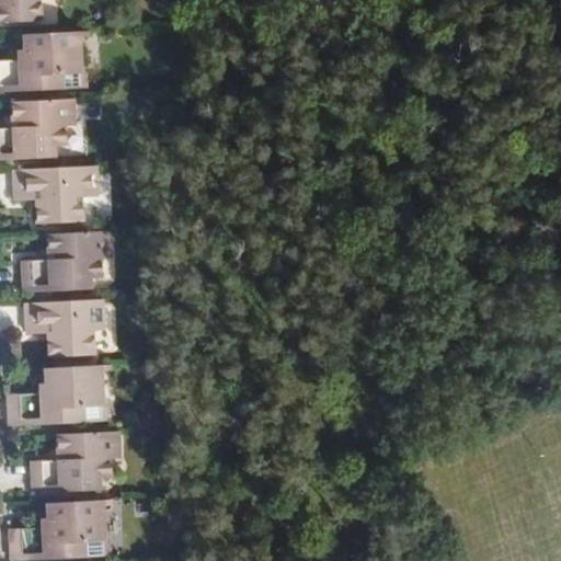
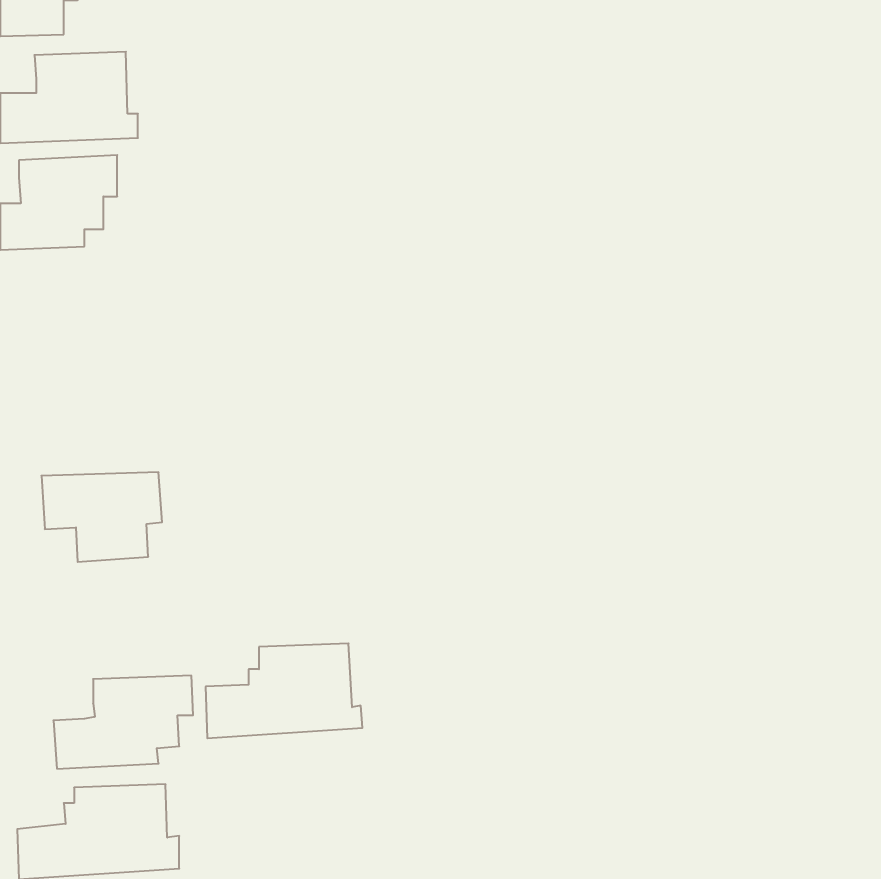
building: [15,167,92,224] -> none
building: [22,231,110,294] -> none
building: [10,364,110,424] -> [206,643,362,738]

